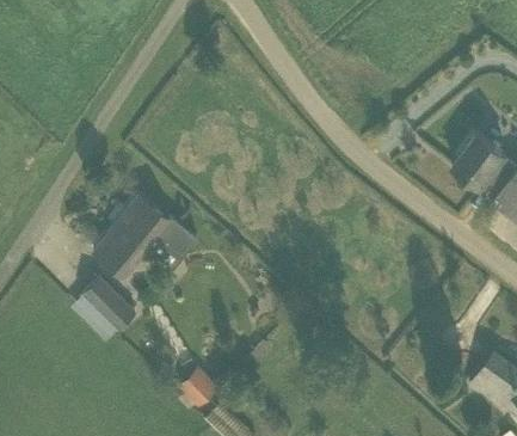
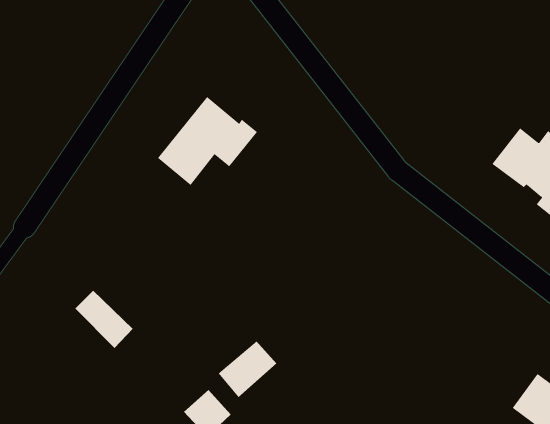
building: [94,197,184,277] -> [157,96,258,186]
building: none -> [218,340,277,398]

